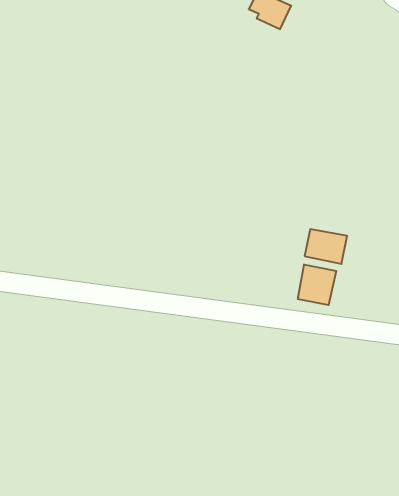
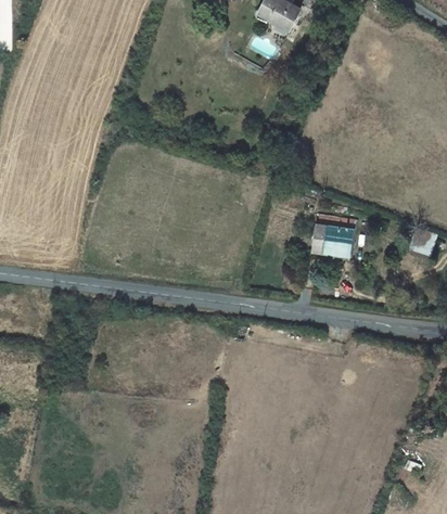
building: [298,264,336,305] -> none

